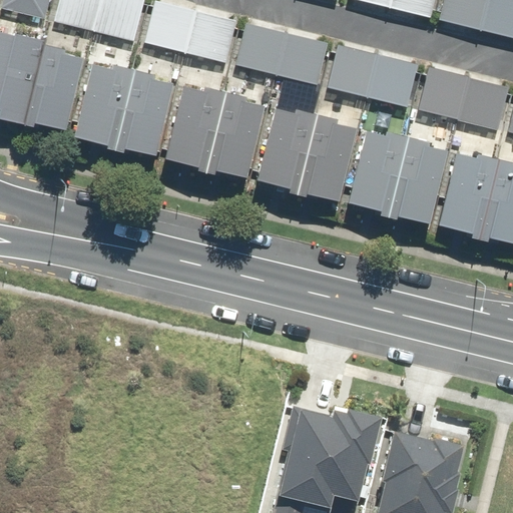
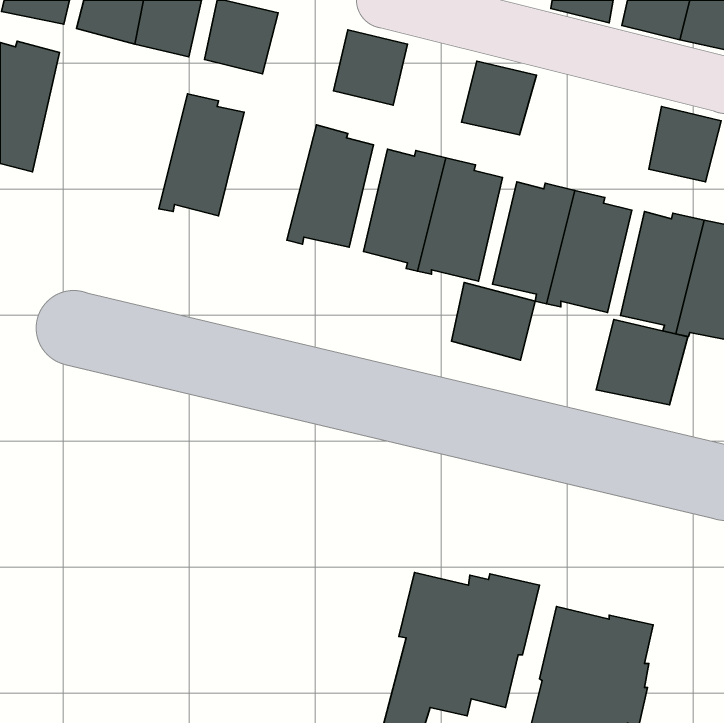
building: [186,11,236,63] -> none
building: [279,33,328,85] -> none
building: [24,39,83,130] -> none
building: [368,55,418,107] -> none
building: [74,63,133,149] -> none
building: [419,68,468,121] -> none
building: [165,85,224,171] -> none
building: none -> [452,282,535,360]
building: none -> [596,320,688,405]

